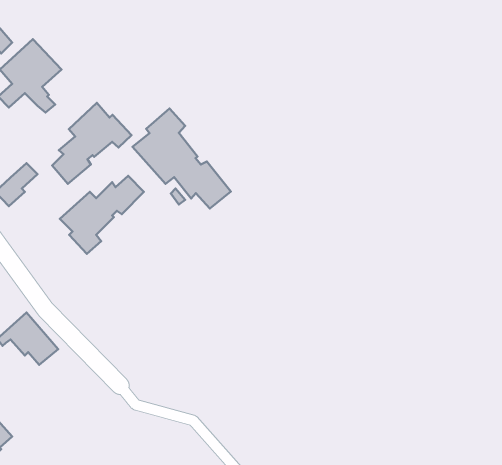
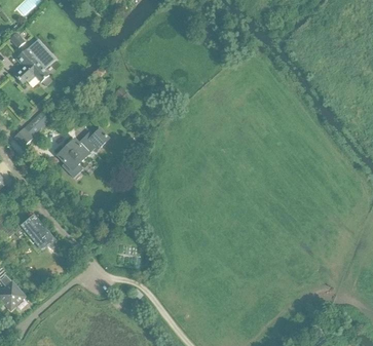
building: [52,103,132,184] -> none
building: [133,108,231,209] -> none

